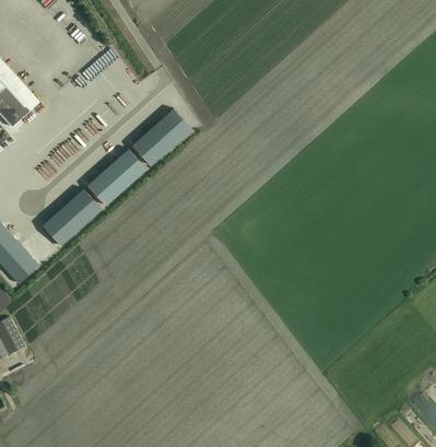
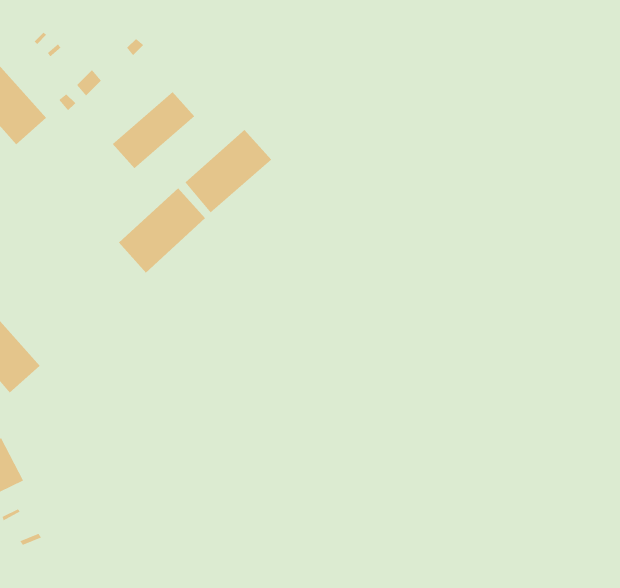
building: none -> [112,91,195,169]
building: [42,189,101,246] -> none

